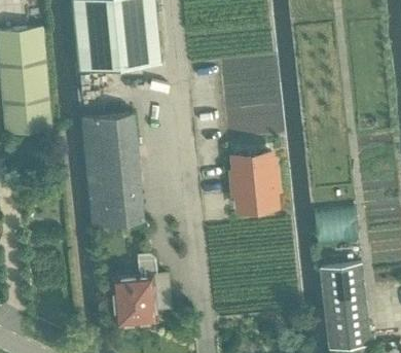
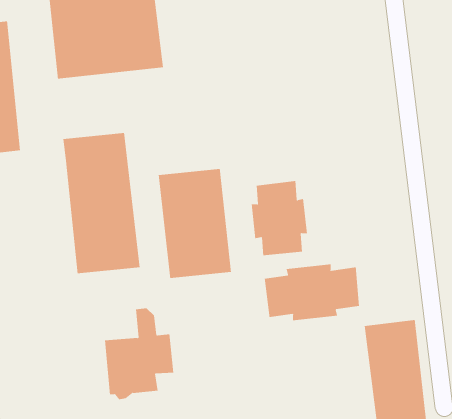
building: none -> [158,168,232,279]
building: none -> [264,264,360,321]

